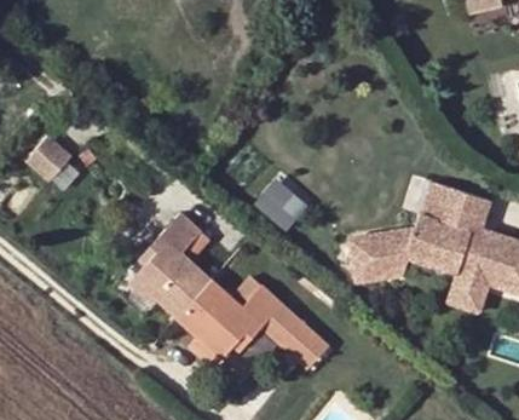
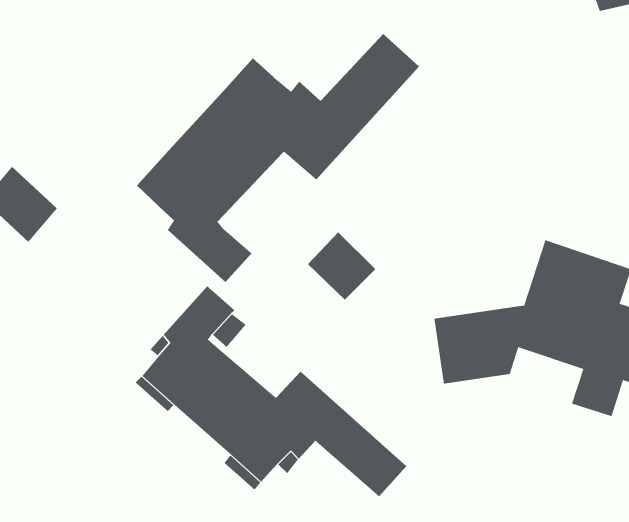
building: none -> [136,33,420,283]

